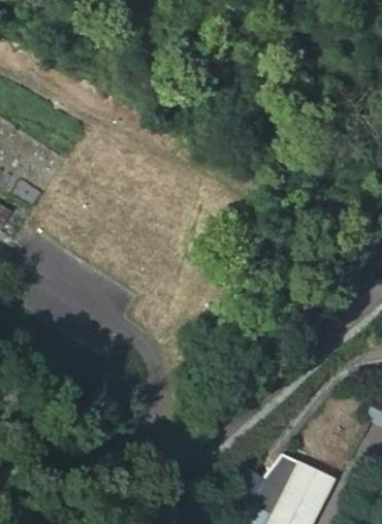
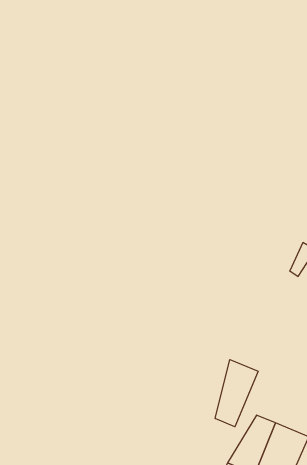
building: none -> [215,360,258,427]

